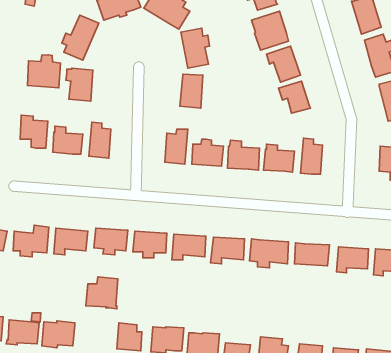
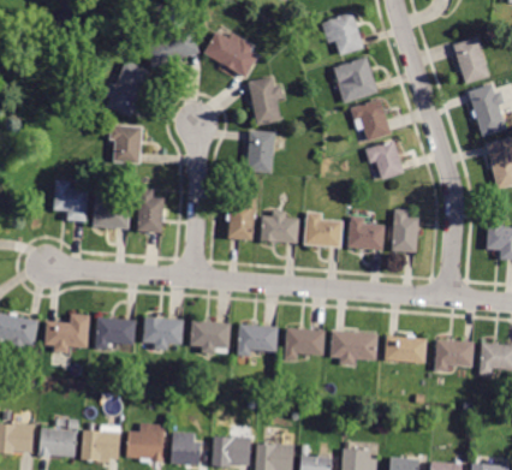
building: [28,55,61,88] -> none
building: [86,277,118,309] -> [126,423,165,462]

